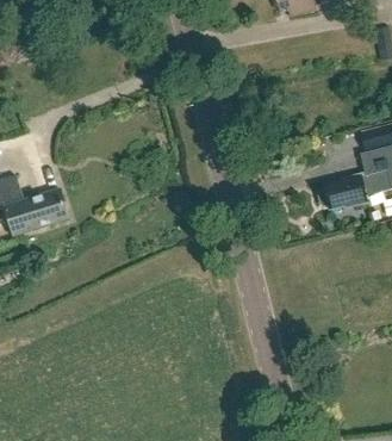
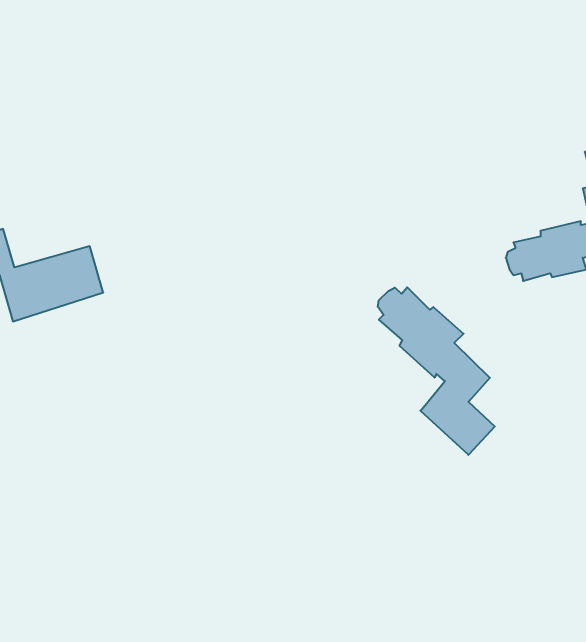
building: none -> [378,287,495,455]

